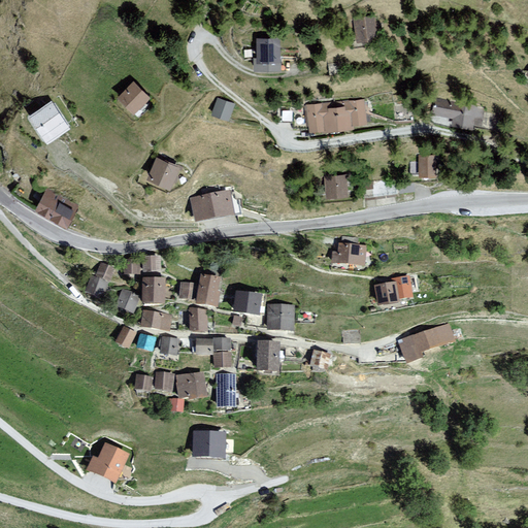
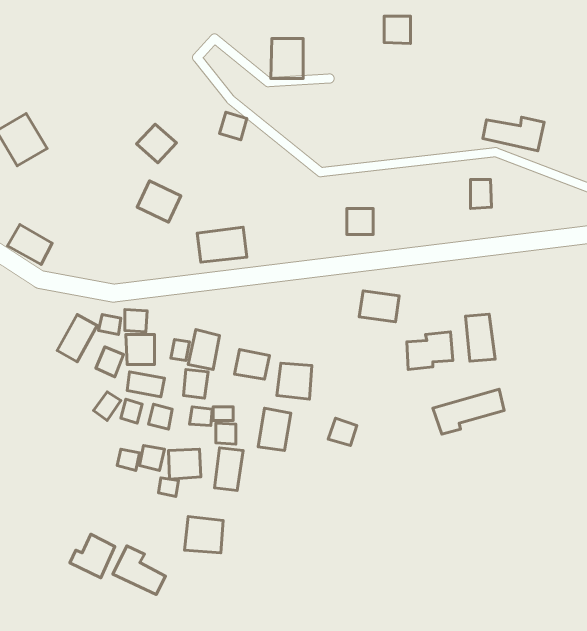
building: [122,78,155,110] -> [137,124,176,163]
building: [311,99,372,130] -> none
building: none -> [465,314,495,361]
building: none -> [113,546,165,595]

